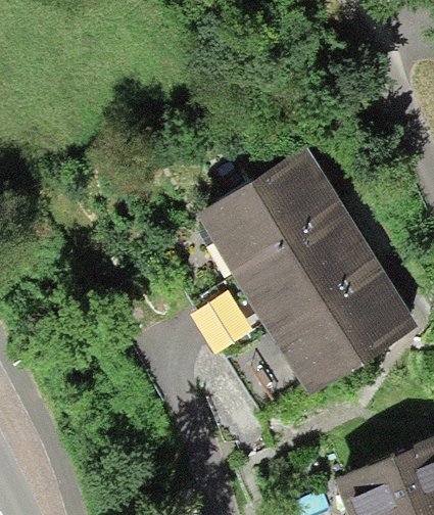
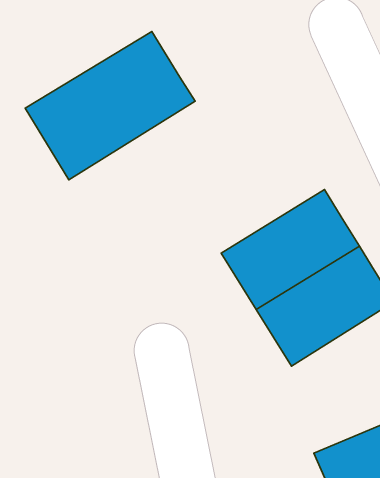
building: none -> [25,31,195,180]
building: [198,146,345,276] -> none

